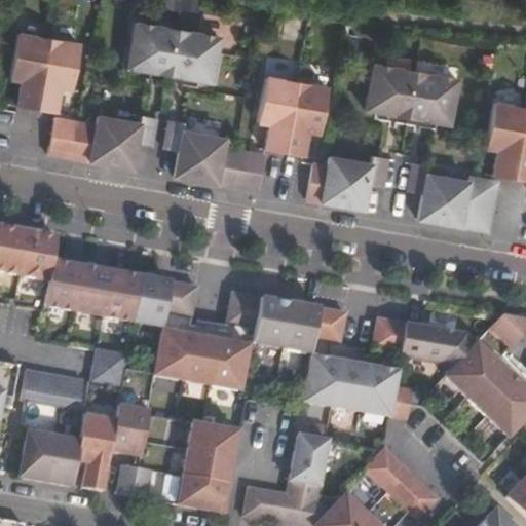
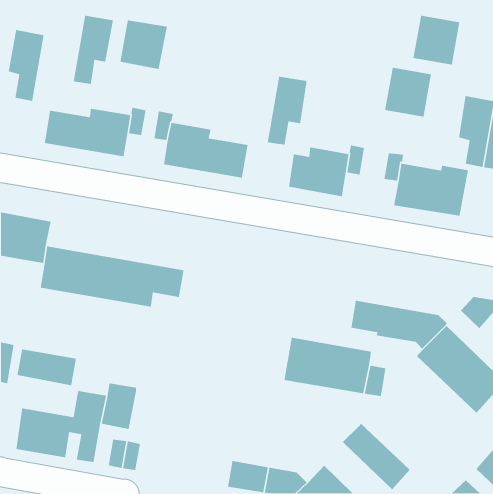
building: [172,28,222,81] -> none
building: [38,37,81,111] -> [73,15,114,85]
building: [368,64,418,117] -> [413,15,460,65]
building: [259,75,298,151] -> none
building: [229,292,347,352] -> none
building: [154,331,249,391] -> none
building: [91,349,127,386] -> none
building: [178,421,238,512] -> none
building: [288,435,327,499] -> none

